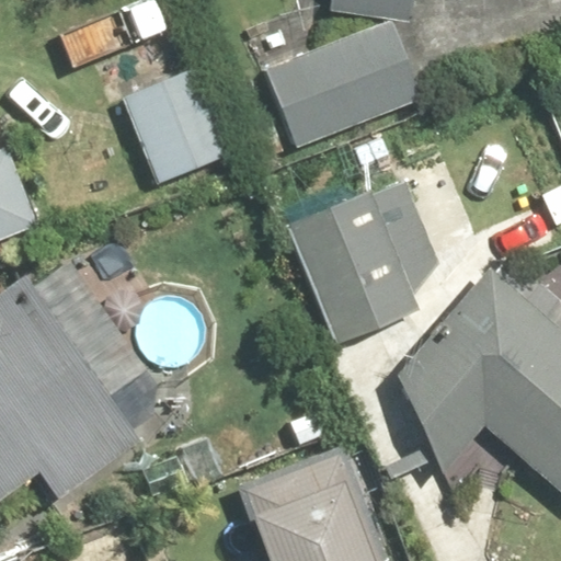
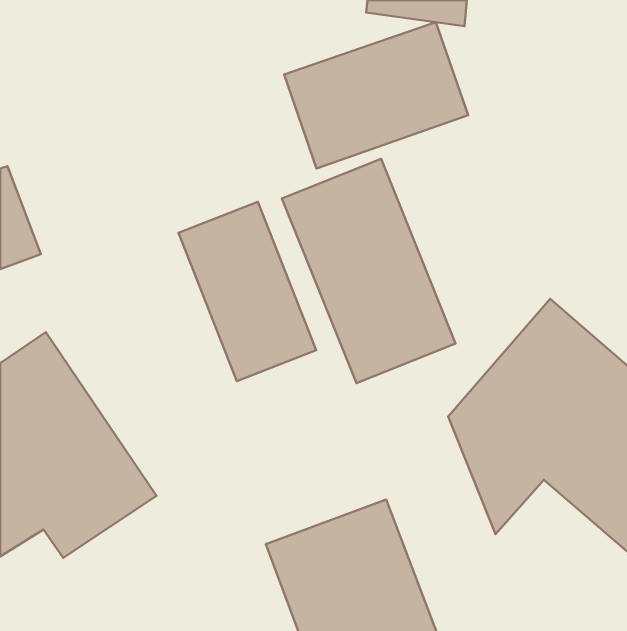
building: [111,65,230,215] -> none
building: none -> [178,202,316,381]

